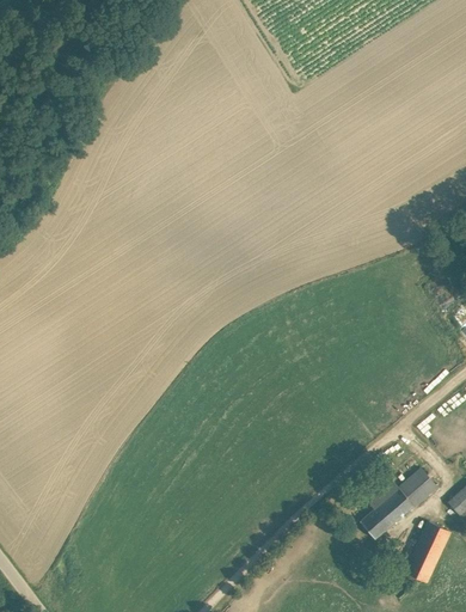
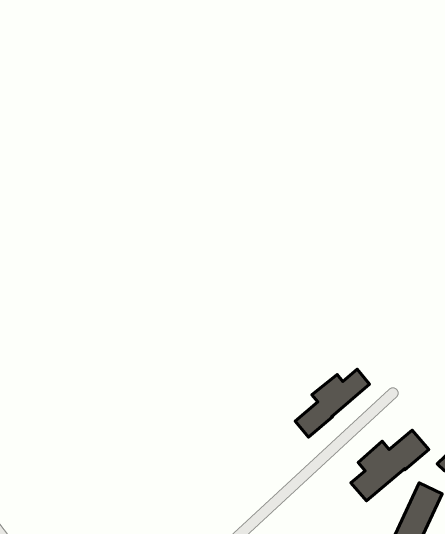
building: none -> [295,369,370,437]

